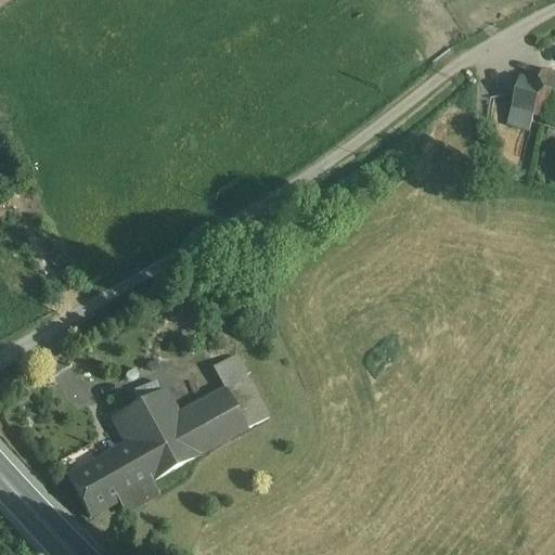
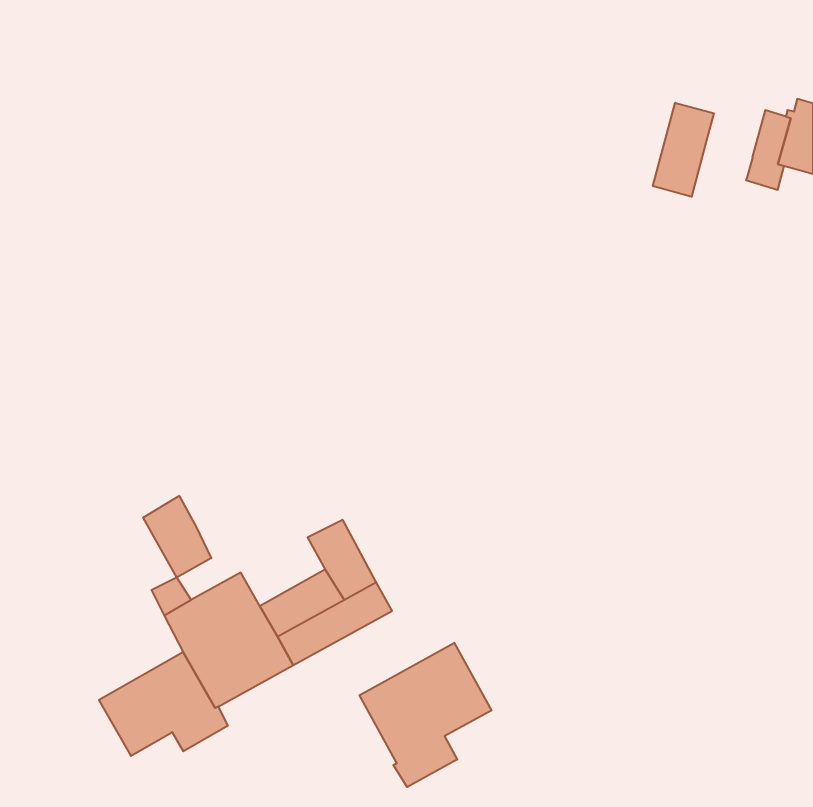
building: none -> [653,103,714,197]
building: none -> [143,496,211,577]
building: none -> [360,643,491,787]

